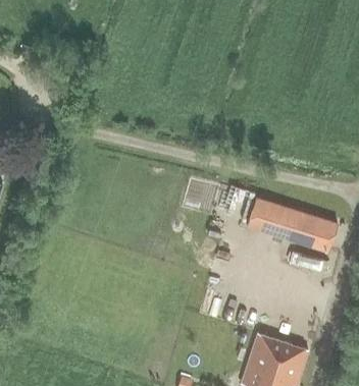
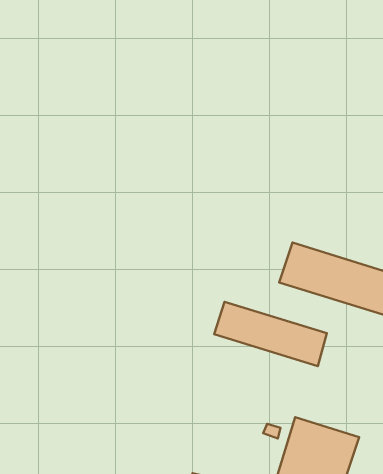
building: none -> [214,302,327,366]

